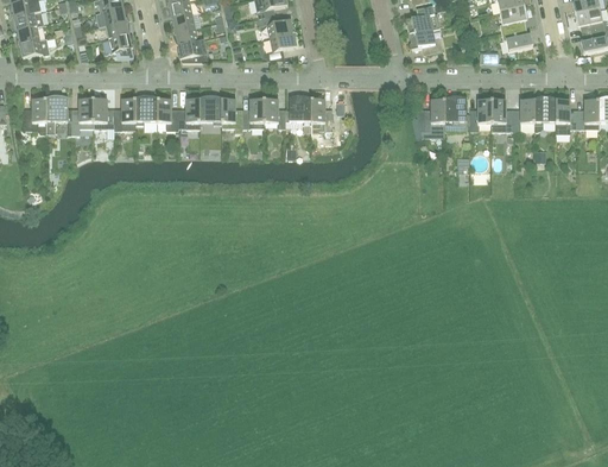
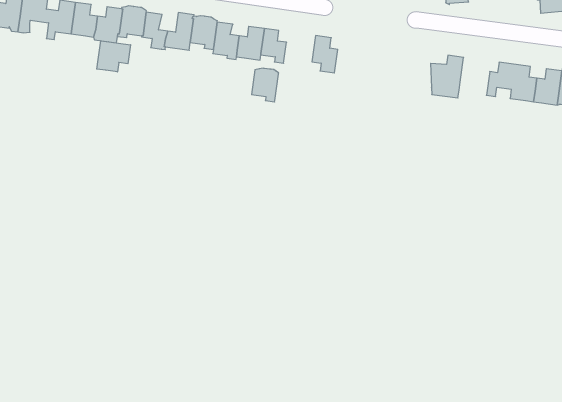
building: [289,95,310,124] -> [252,68,279,102]
building: [444,95,466,130] -> none
building: none -> [97,41,131,72]

